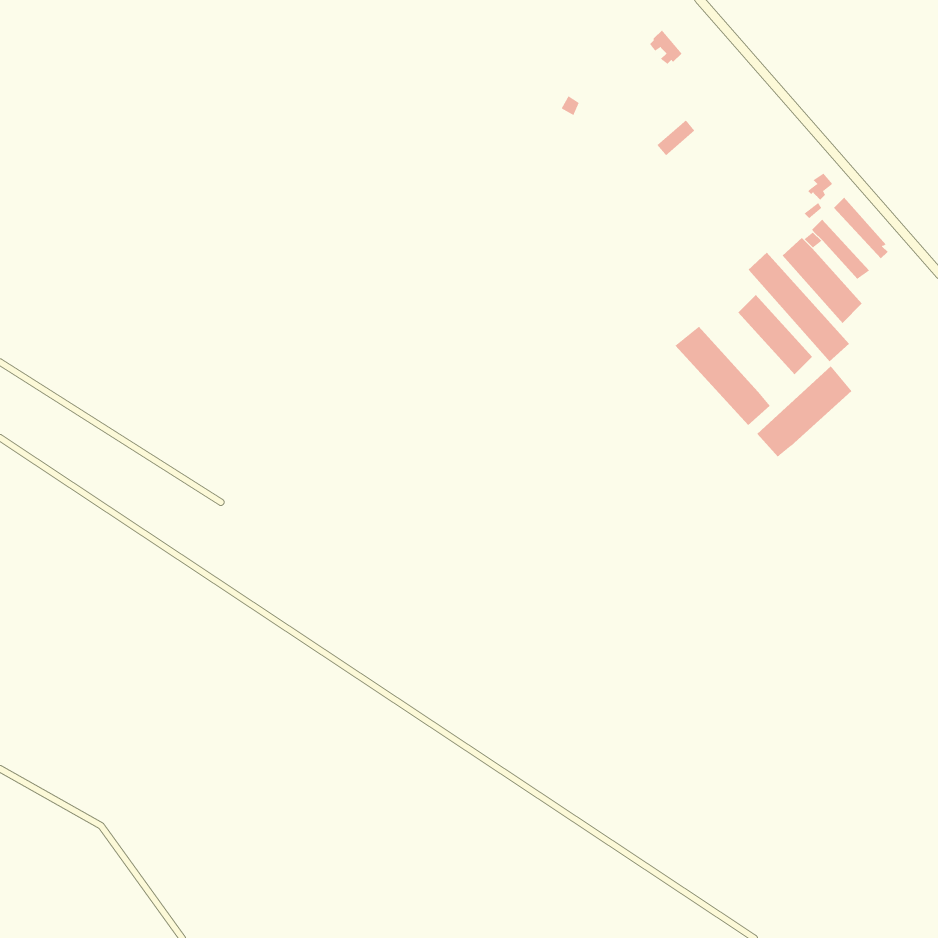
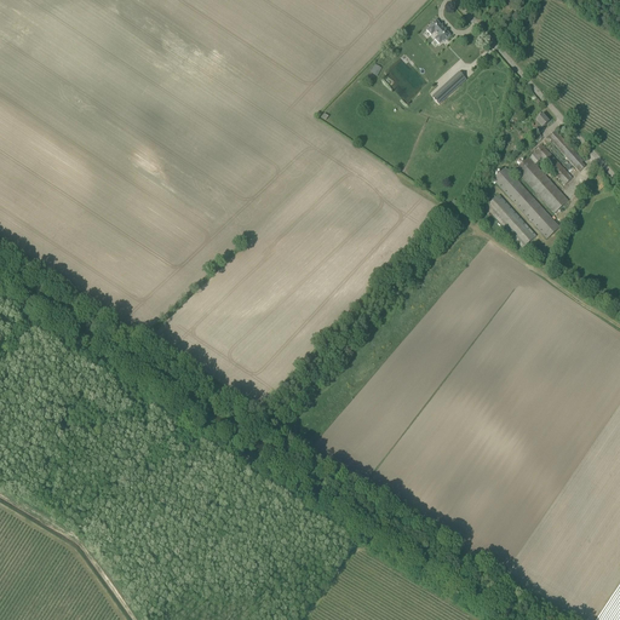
building: [674,326,771,426] -> none
building: [757,365,852,457] -> none

